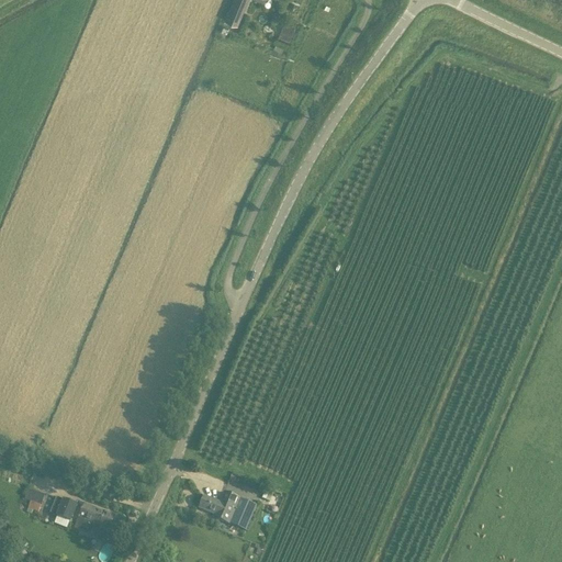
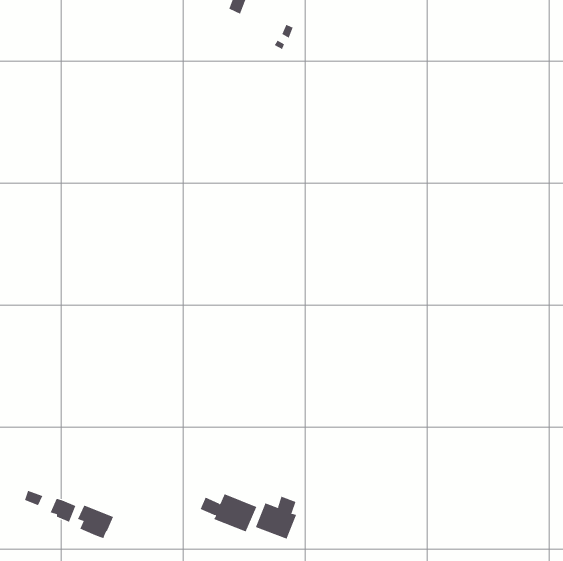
building: none -> [255,496,297,539]

